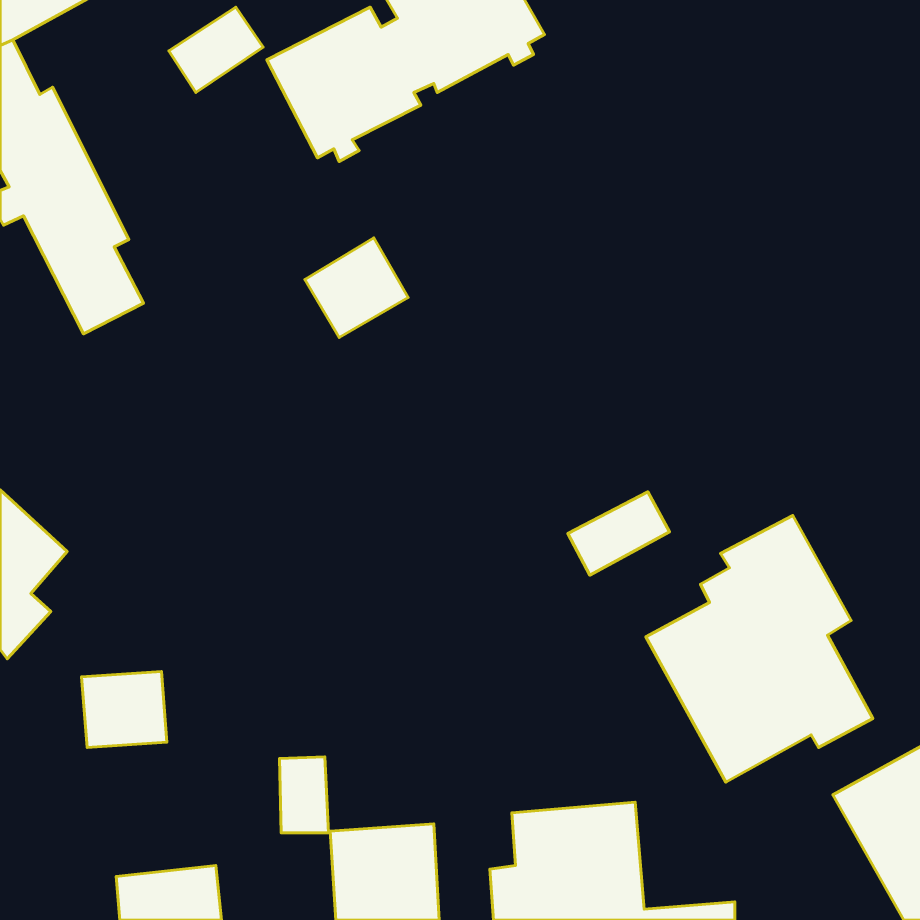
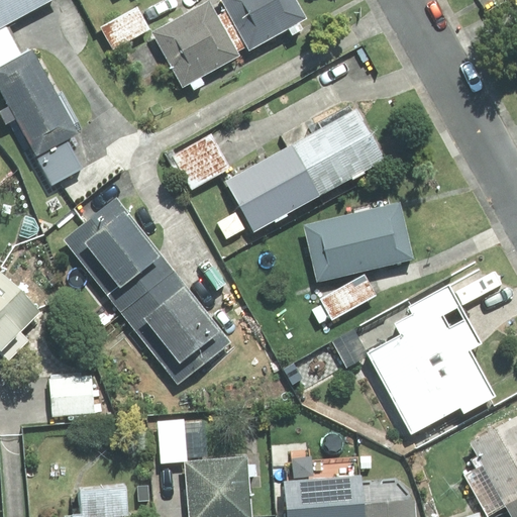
building: none -> [215,111,382,242]
building: none -> [66,198,230,383]
building: none -> [302,203,408,283]

